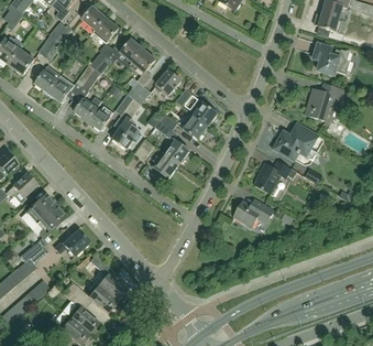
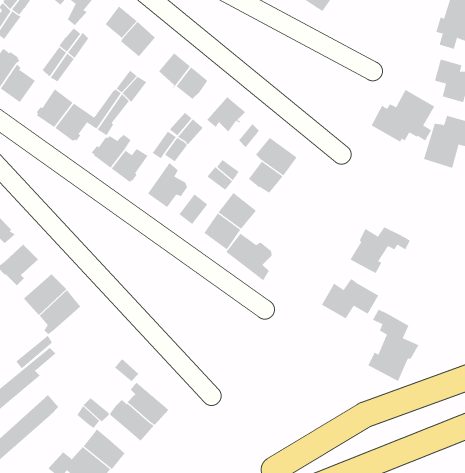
building: [274,122,319,160] -> [371,89,435,143]
building: none -> [226,233,272,281]
building: none -> [368,309,419,382]
building: [54,229,89,256] -> none

